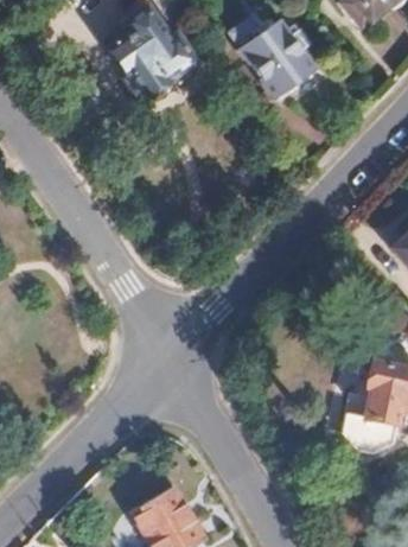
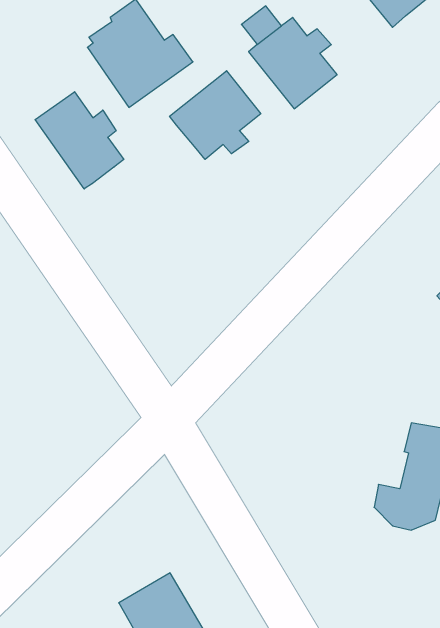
building: none -> [170,71,261,159]
building: none -> [35,92,124,189]

